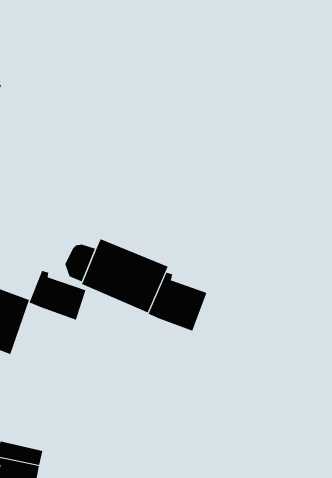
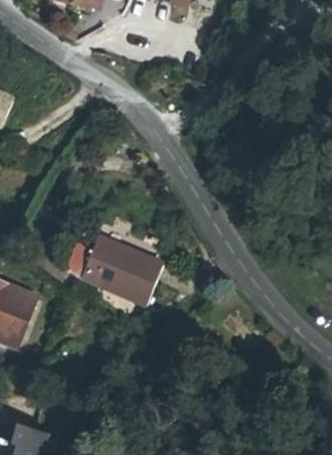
building: [29,270,86,321] -> none
building: [148,272,207,332] -> none

